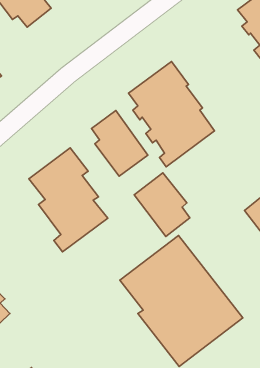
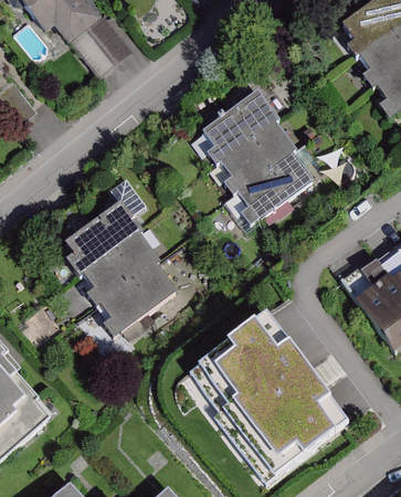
building: [91,111,148,176] -> none
building: [134,173,190,237] -> none

